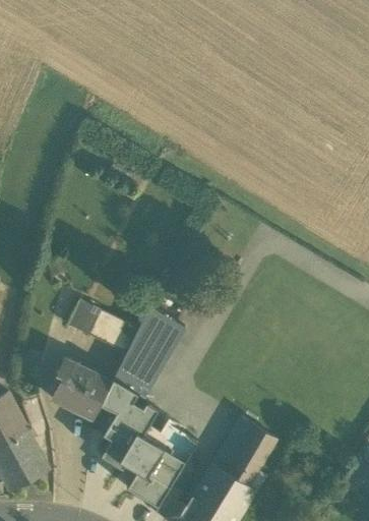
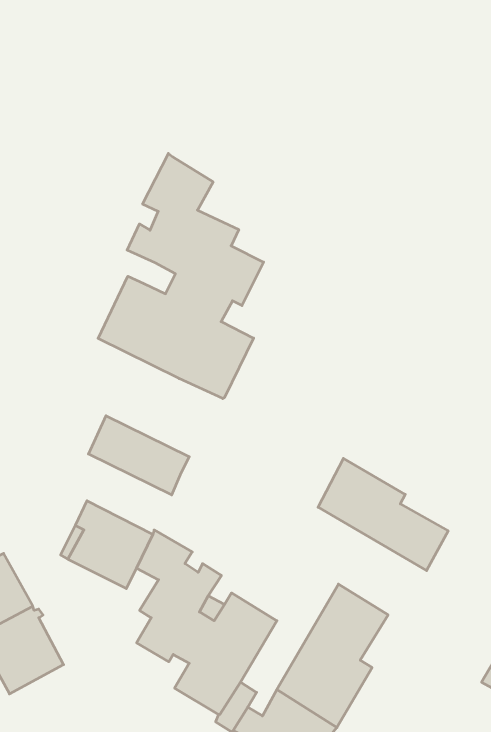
building: none -> [98,153,264,399]
building: [114,307,184,396] -> none
building: none -> [318,458,448,571]

